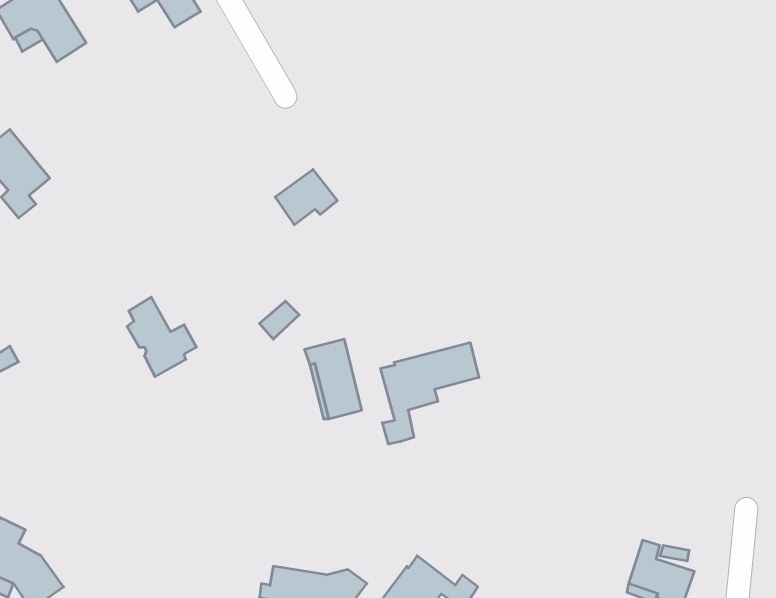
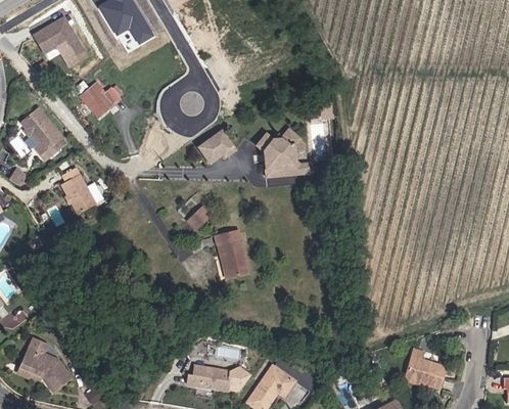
building: none -> [81,82,118,115]
building: none -> [256,127,311,174]
building: [127,297,196,377] -> [61,166,102,213]
building: [381,343,479,444] -> none

